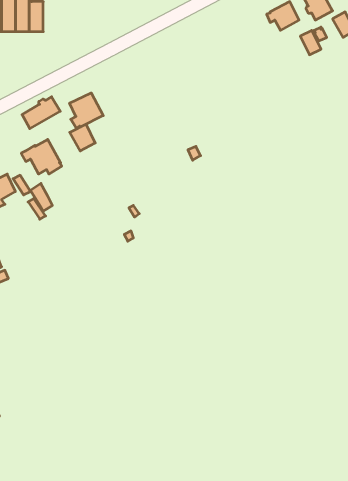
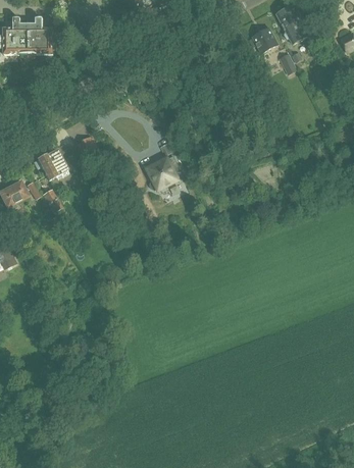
building: [70,93,103,129] -> none
building: [22,97,60,129] -> none
building: none -> [147,155,181,190]

